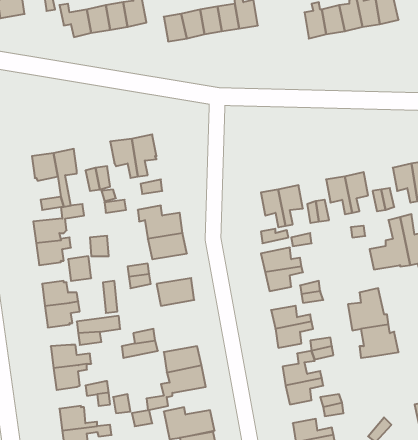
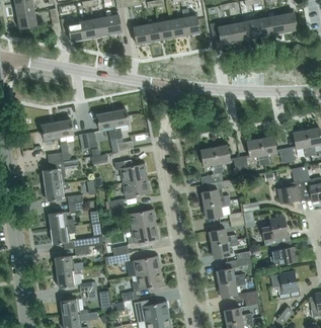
building: none -> [211,22,235,45]
building: none -> [127,225,158,243]
building: none -> [271,271,301,300]

